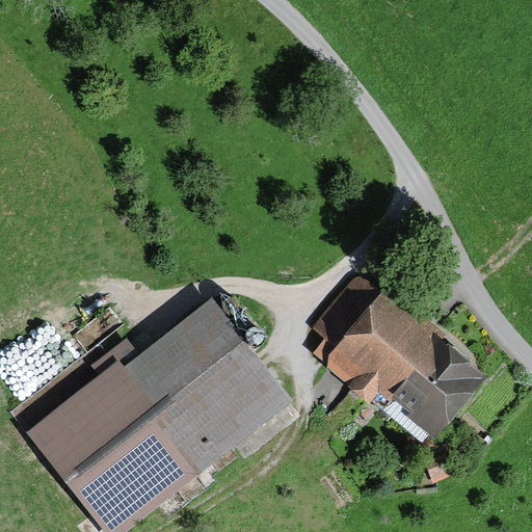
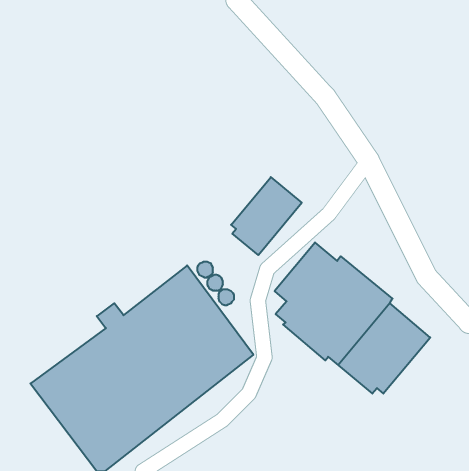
building: none -> [231,177,302,255]

